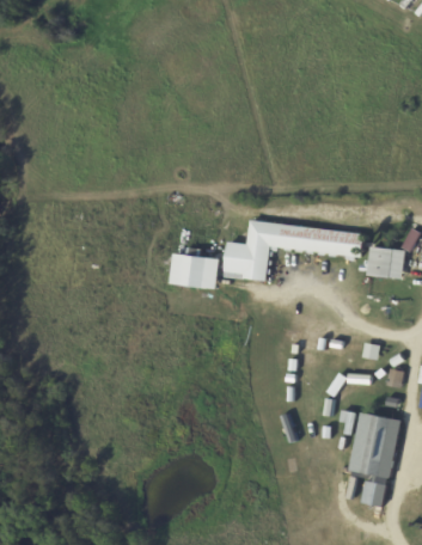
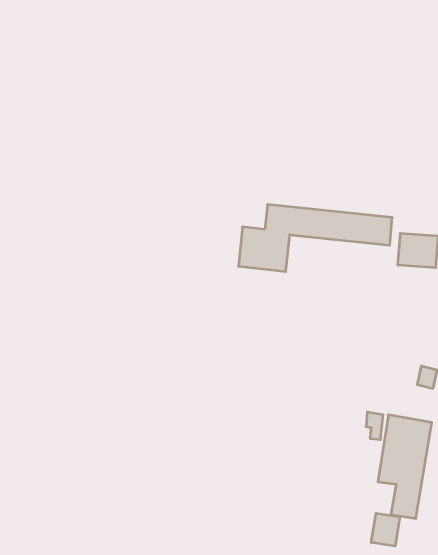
building: [169,252,219,288] -> none
building: none -> [371,513,400,546]

